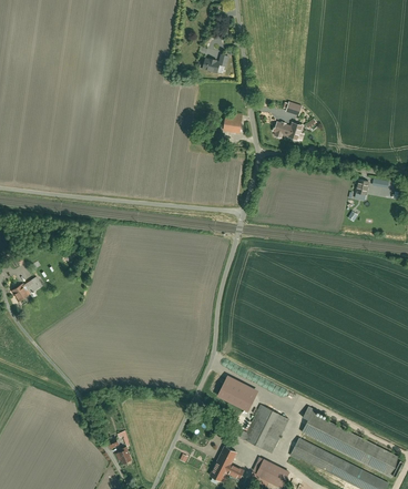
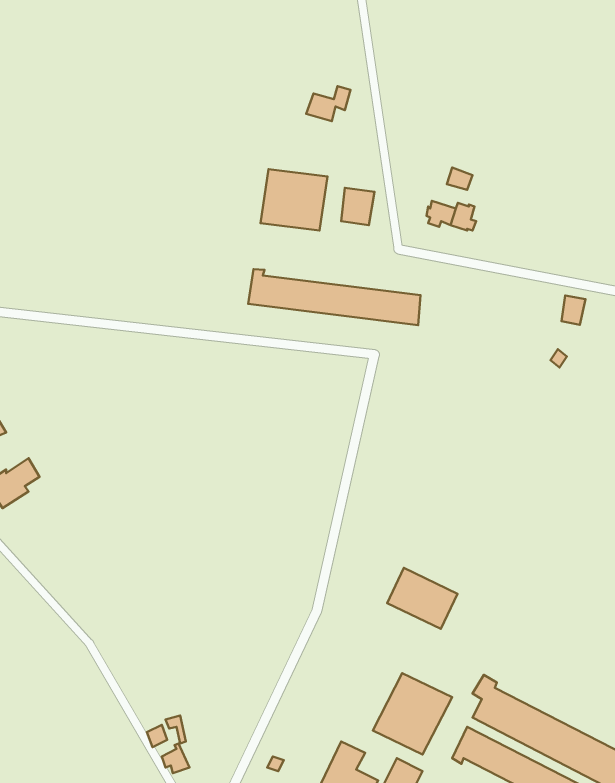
building: none -> [260,169,328,230]
building: none -> [248,269,421,325]
building: [220,374,262,410] -> [387,568,457,629]

